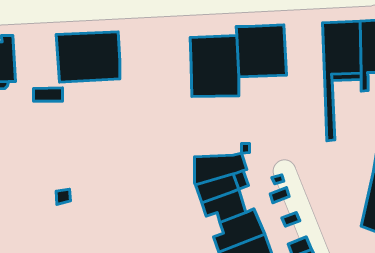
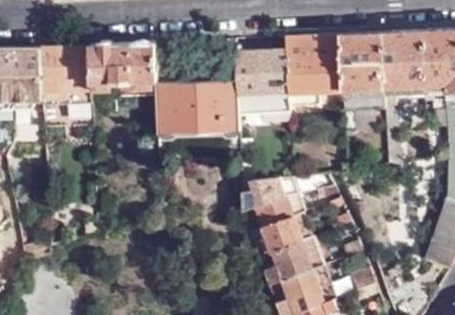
building: none -> [340,31,386,130]
building: none -> [38,44,90,103]
building: none -> [157,79,239,154]

